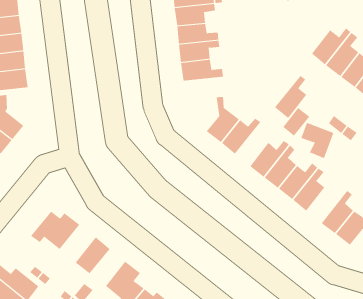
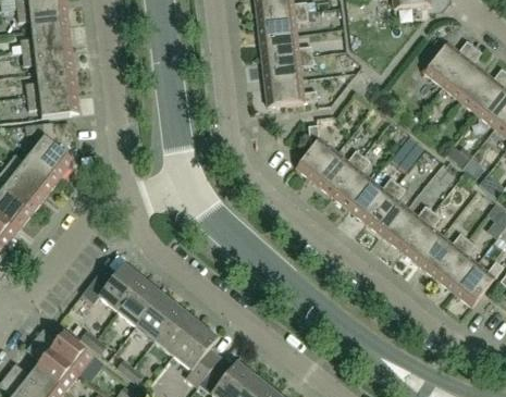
building: [274,75,307,119] -> [332,156,372,209]
building: none -> [419,233,468,278]
building: none -> [118,281,161,326]
building: none -> [155,310,197,355]

